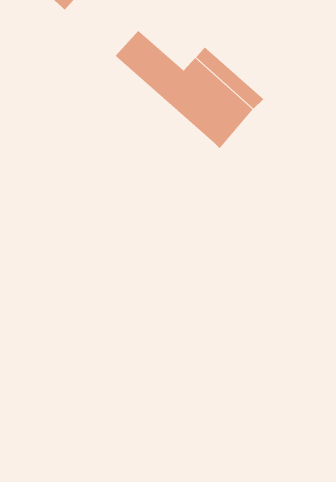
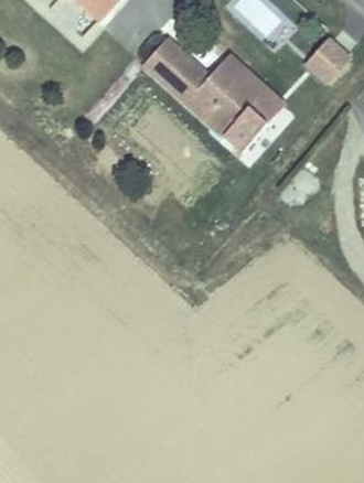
building: none -> [307,37,350,80]

